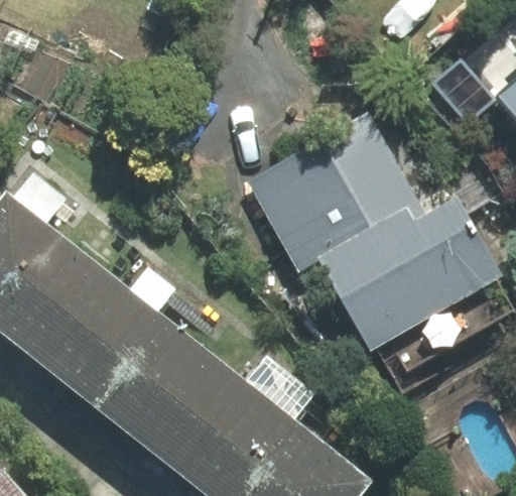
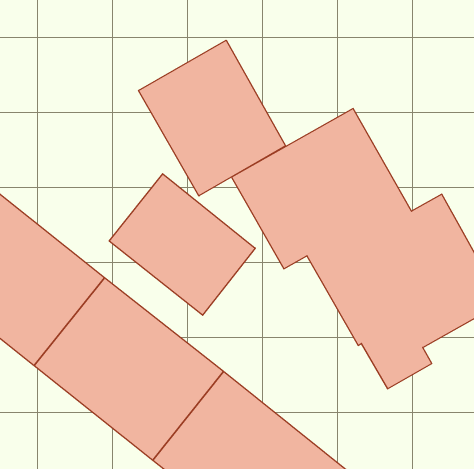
building: none -> [139,40,286,196]
building: none -> [109,174,255,315]

